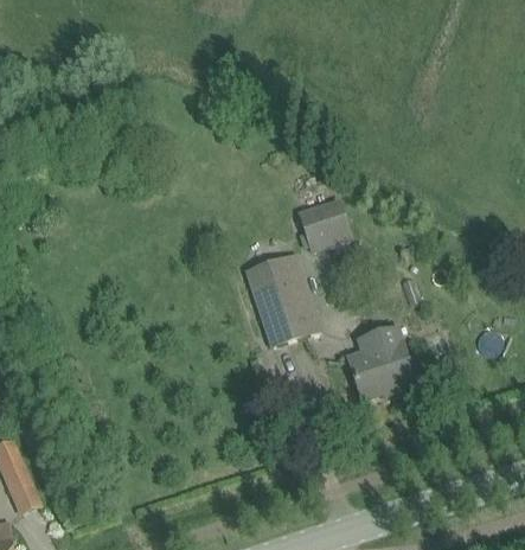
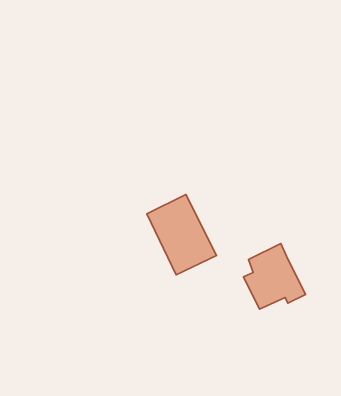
building: [300,200,350,250] -> none

